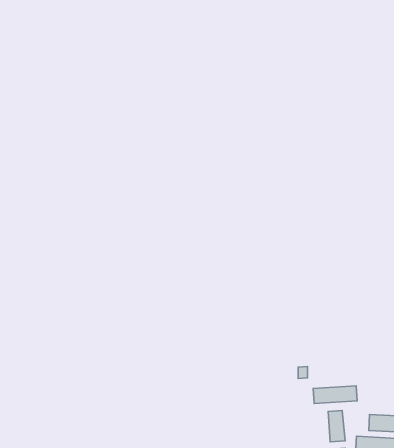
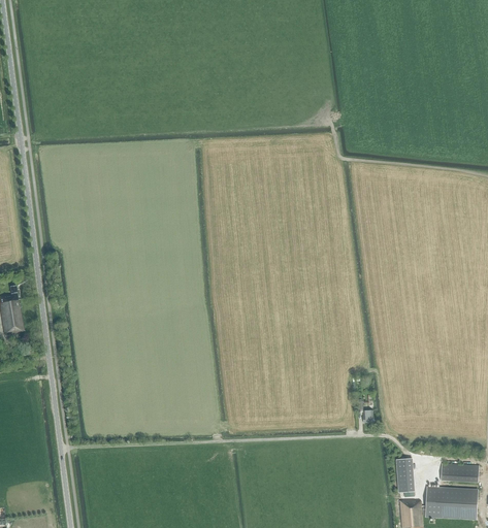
building: [313,386,357,403] -> none

